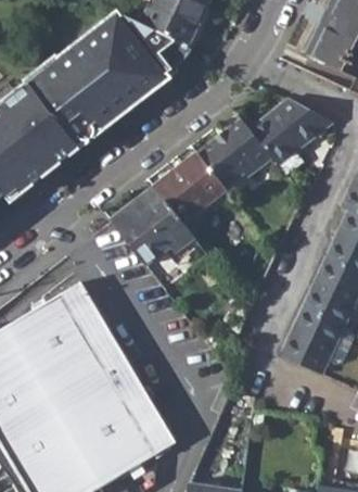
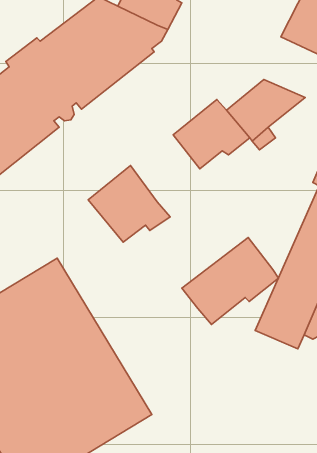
building: [154,154,225,223] -> none
building: none -> [182,238,278,325]

